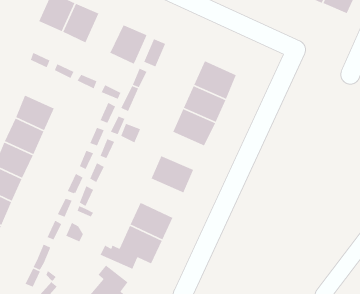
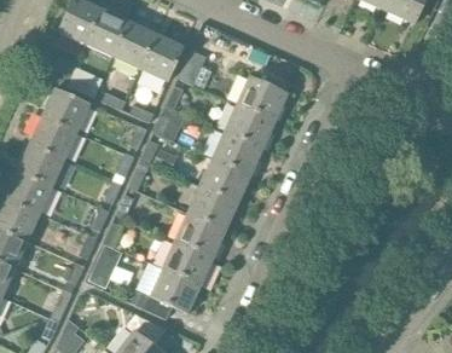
building: none -> [112,22,156,69]
building: none -> [41,87,89,132]
building: none -> [199,160,250,203]
building: none -> [175,214,226,259]

